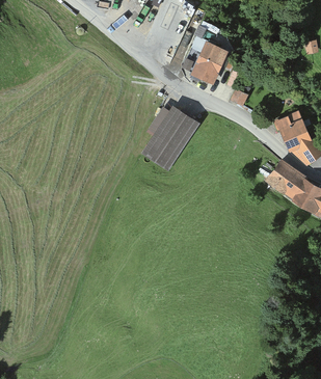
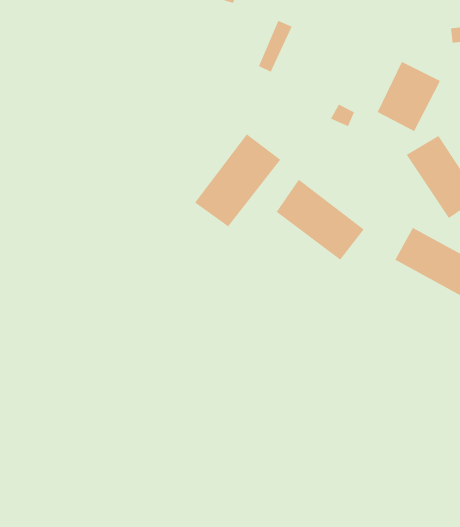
building: [191,43,232,87] -> [377,61,441,132]
building: none -> [276,179,365,261]

